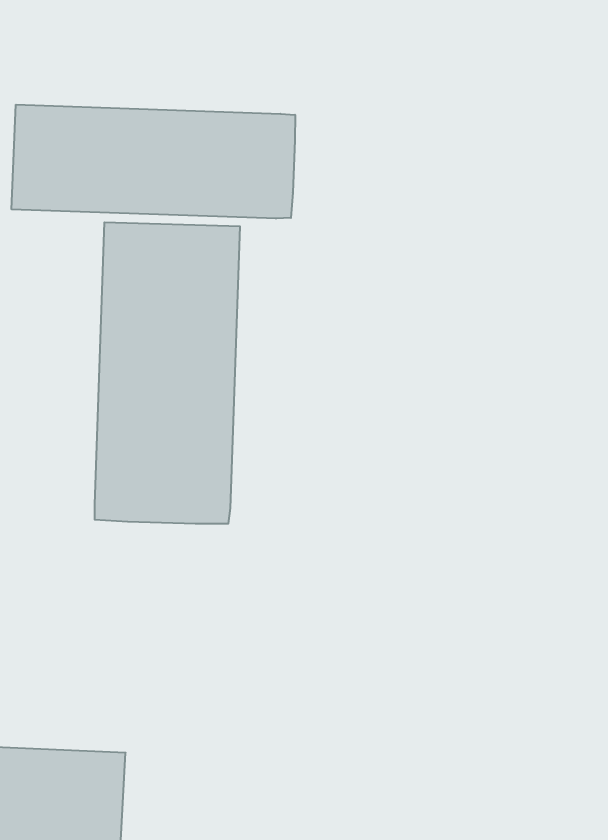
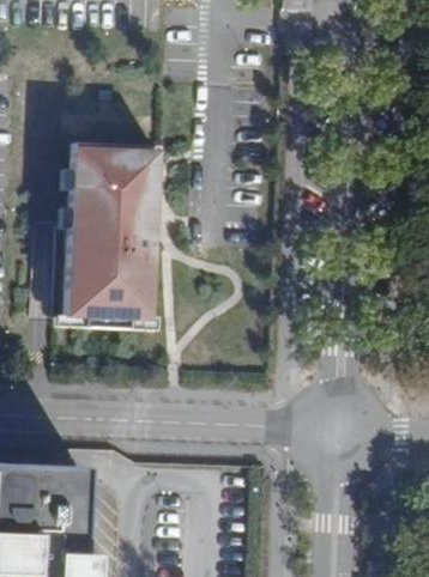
building: [12,105,295,219] -> none

